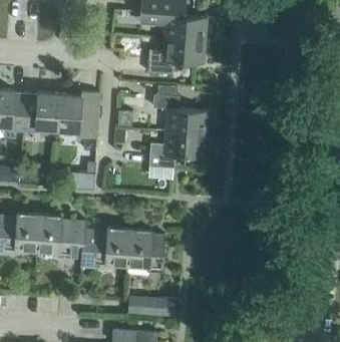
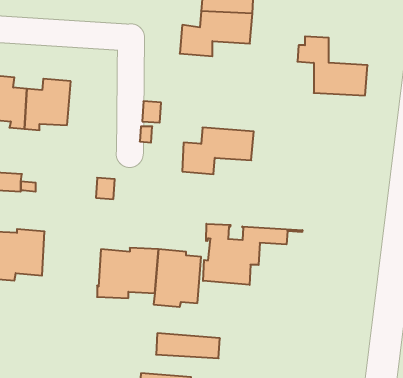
building: [152,86,209,133] -> [297,36,368,95]
building: [57,94,93,137] -> none
building: none -> [203,224,302,285]
building: [37,215,85,259] -> none

